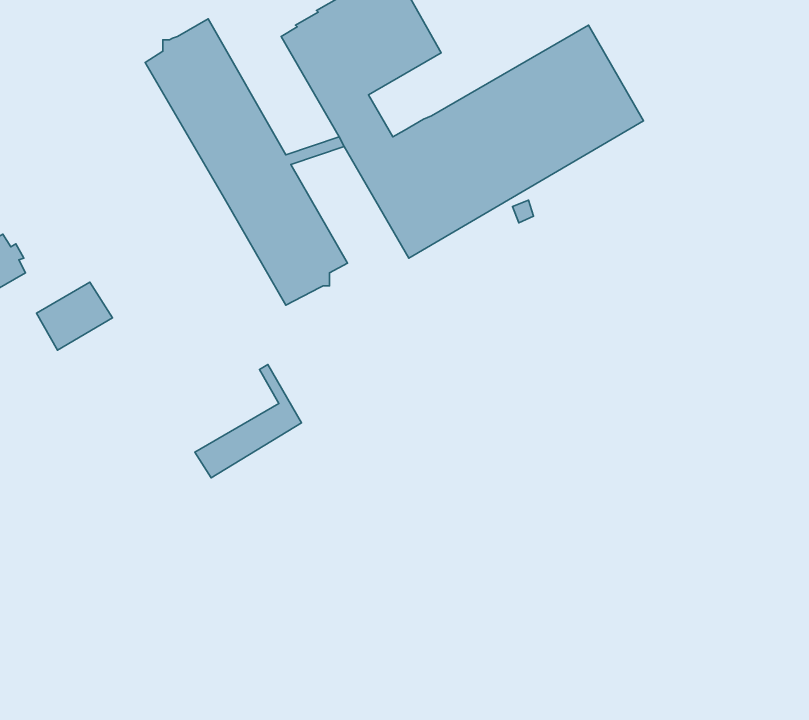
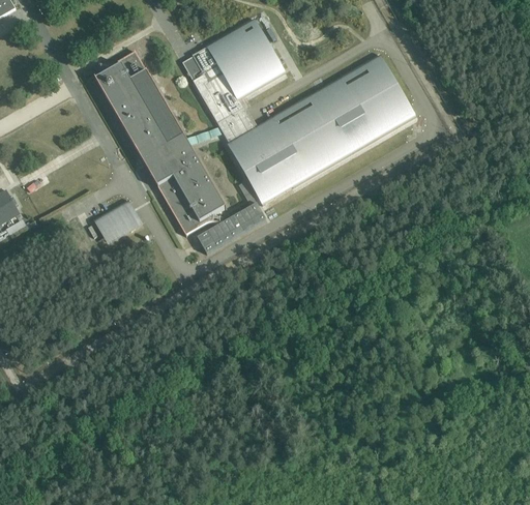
building: [36,282,112,350] -> [94,202,143,245]
building: [195,365,302,478] -> [199,181,267,254]

